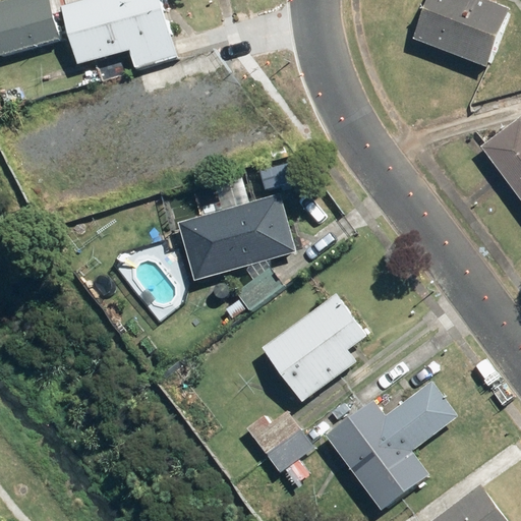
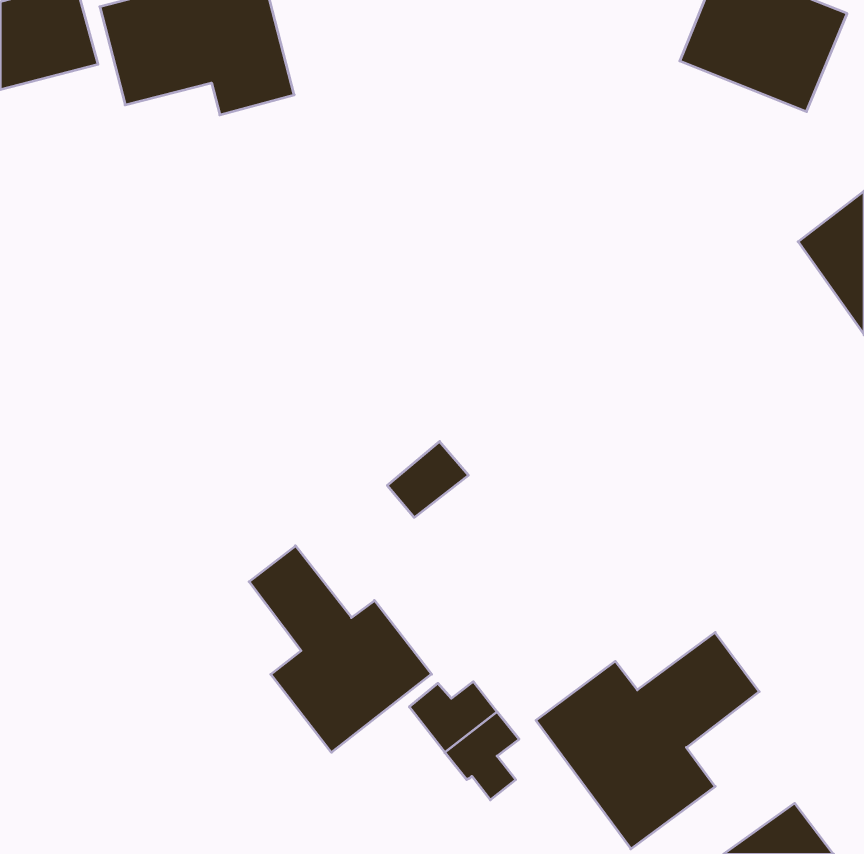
building: [179,176,291,280] -> none
building: [260,292,367,402] -> none
building: none -> [249,546,432,752]

